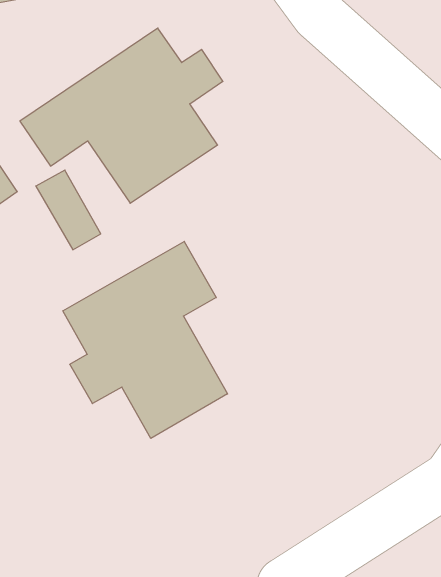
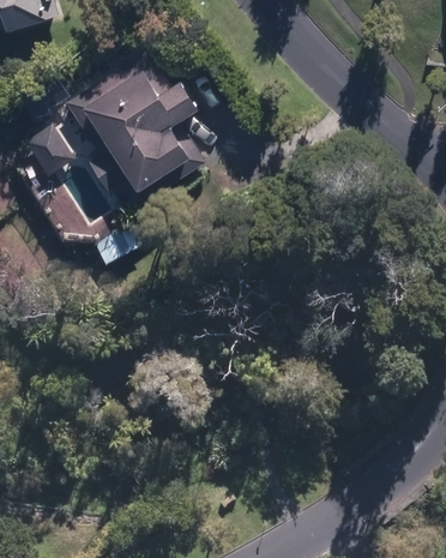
building: [63,241,228,438] -> none

